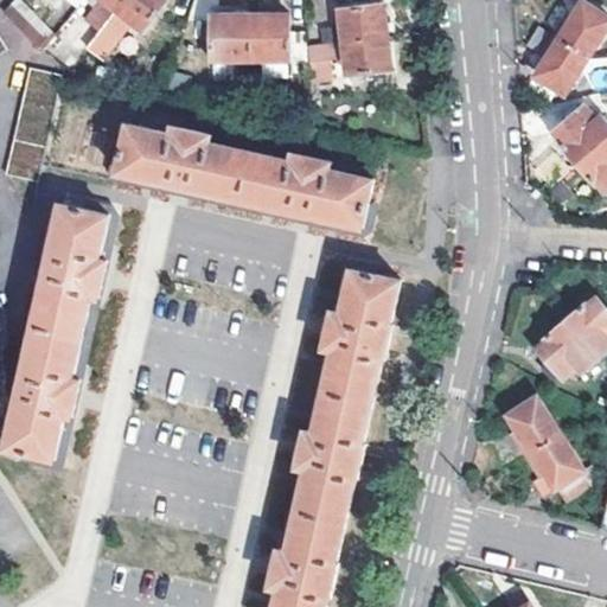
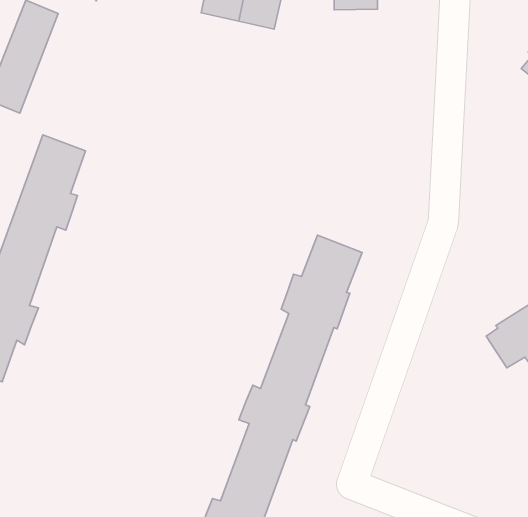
building: [305,33,386,77] -> none
building: [115,126,371,224] -> none
building: [501,398,579,497] -> none

